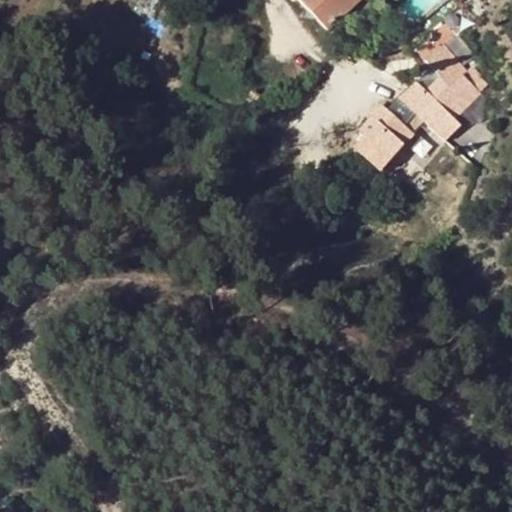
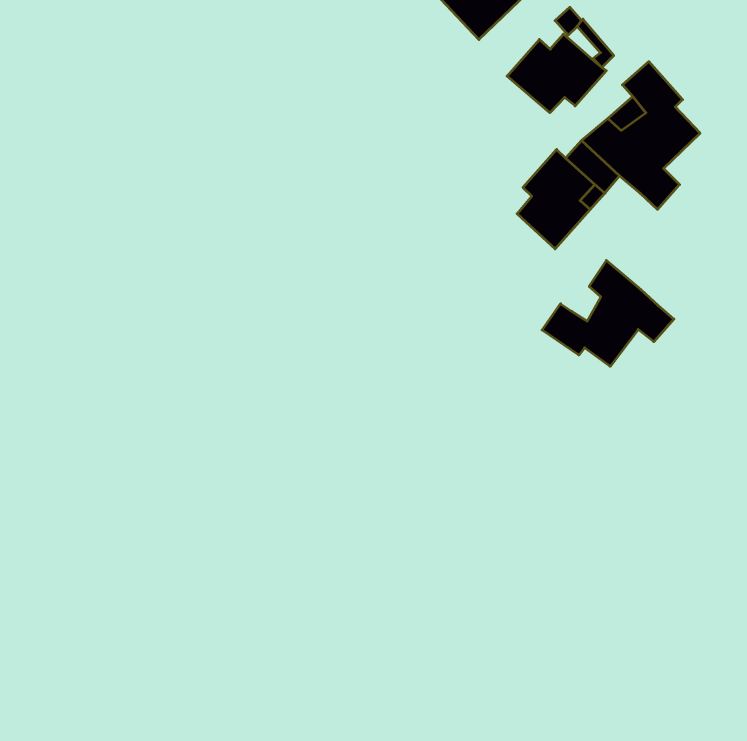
building: none -> [507,34,606,113]
building: none -> [542,260,674,366]

